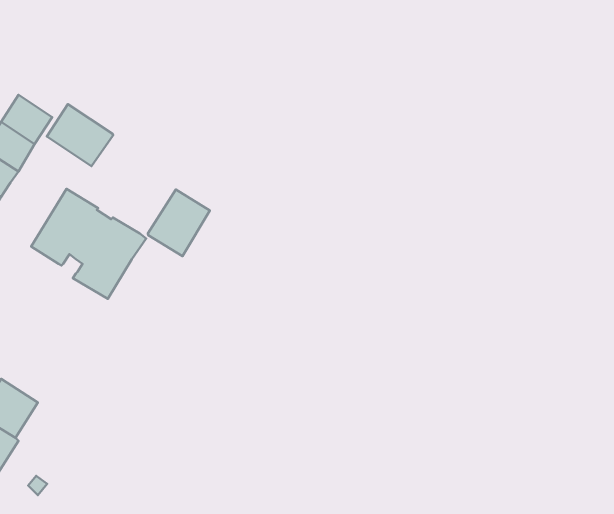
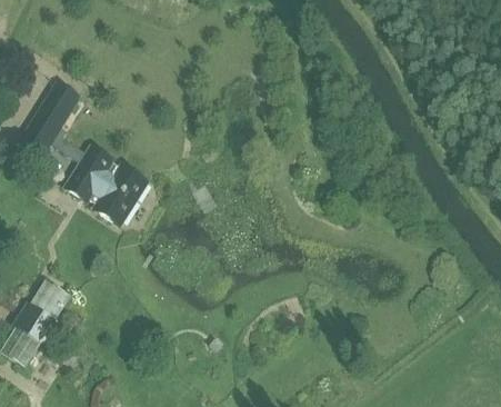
building: [47,104,113,166] -> none
building: [148,190,210,256] -> none

